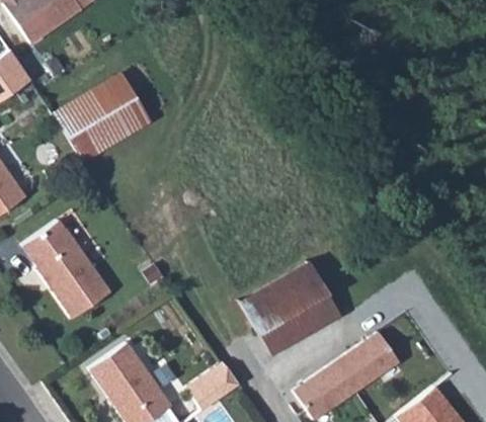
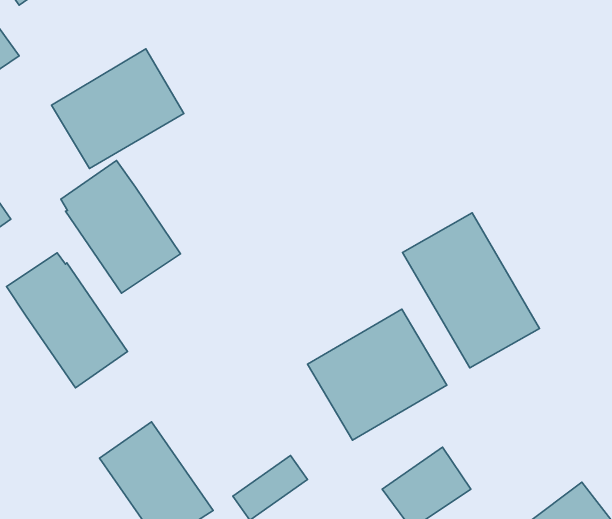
building: none -> [61,160,181,293]
building: none -> [403,213,539,368]
building: [336,332,399,391] -> none

